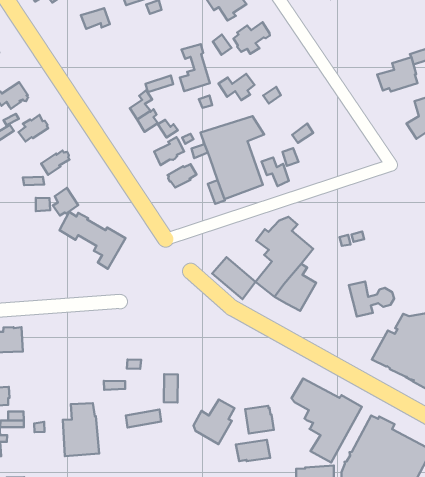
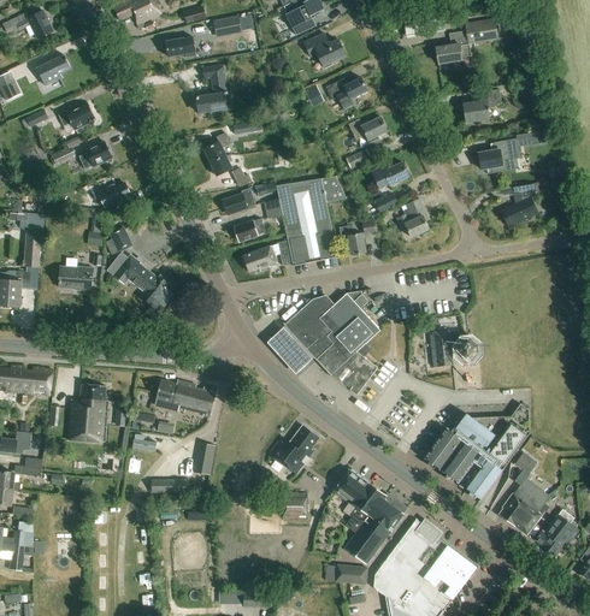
building: none -> [462,88,501,120]
building: [180,44,210,91] -> [196,65,228,113]
building: [219,74,254,100] -> [348,118,387,146]
building: none -> [371,162,408,189]
building: none -> [396,199,429,238]
building: none -> [242,245,276,273]
building: none -> [284,295,332,356]
building: none -> [59,266,93,290]
building: [349,282,394,316] -> [431,331,478,367]
building: none -> [154,379,216,416]
building: [194,399,235,444] -> [271,426,318,474]
building: [63,403,99,456] -> [66,383,106,440]
building: [236,440,270,461] -> none

